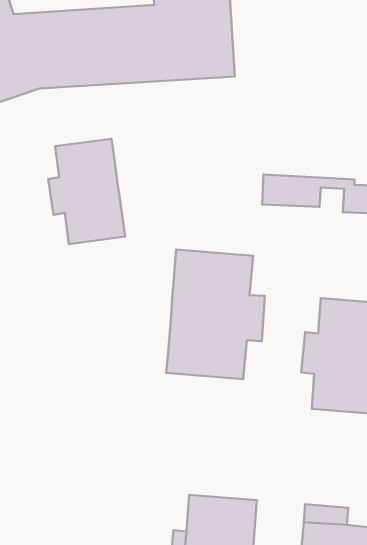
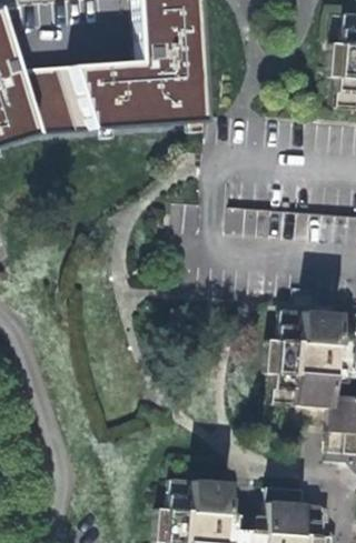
building: [48,139,125,244] -> none
building: [166,249,265,379] -> none

